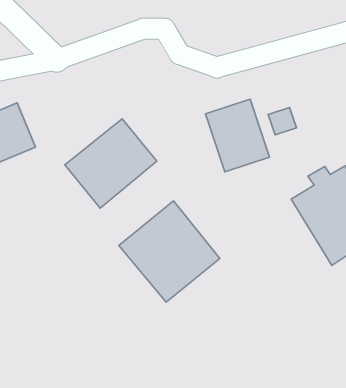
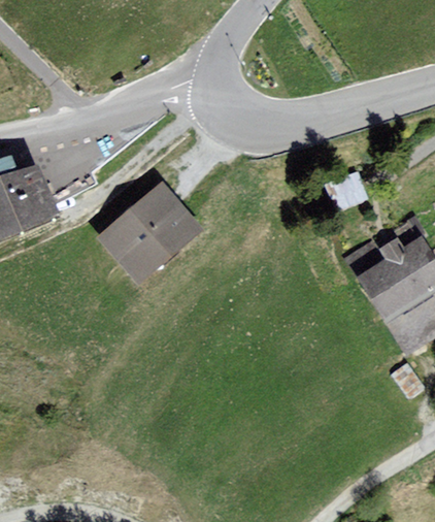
building: [206,99,270,172] -> none
building: [119,201,220,302] -> none

